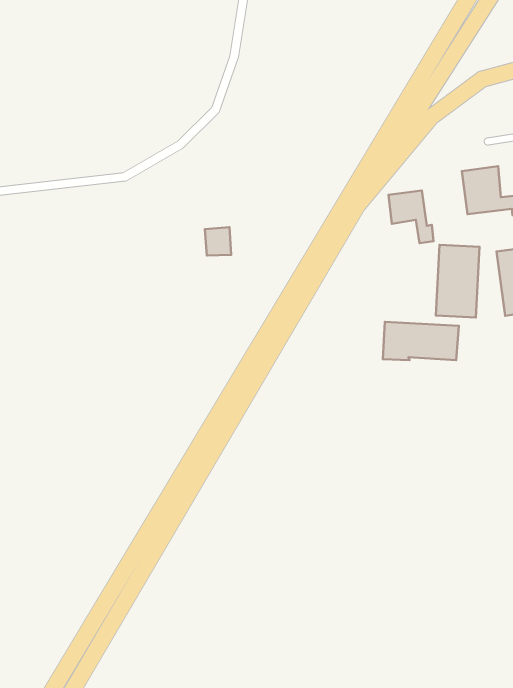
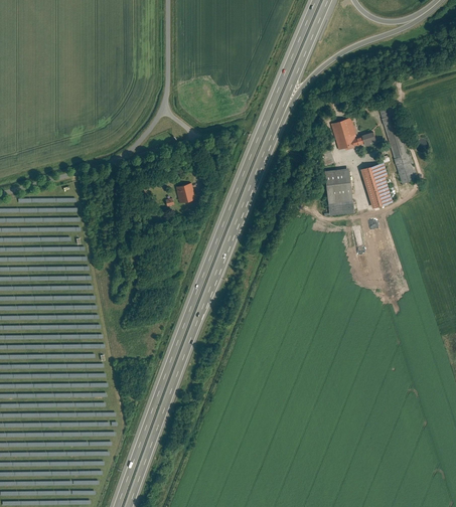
building: [388,190,433,243] -> none
building: [383,322,459,360] -> none

